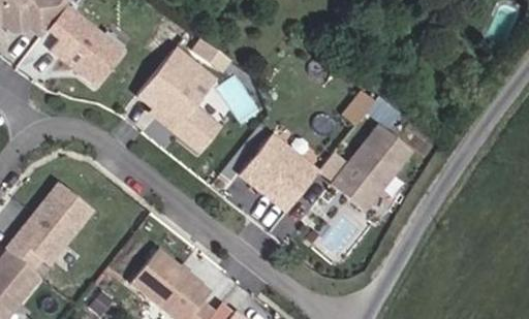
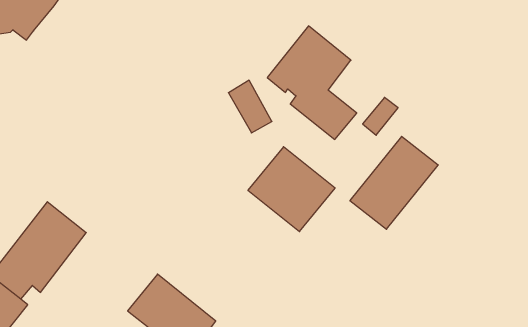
building: [46,6,122,86] -> none
building: [137,46,218,149] -> [267,26,357,139]

